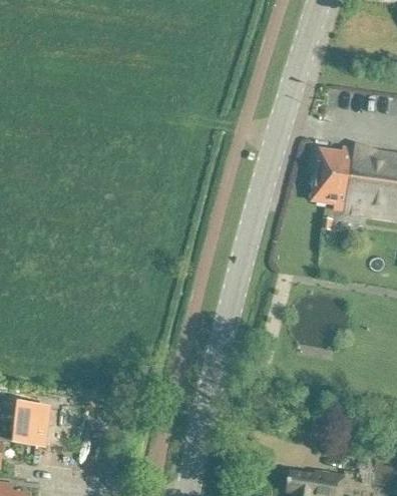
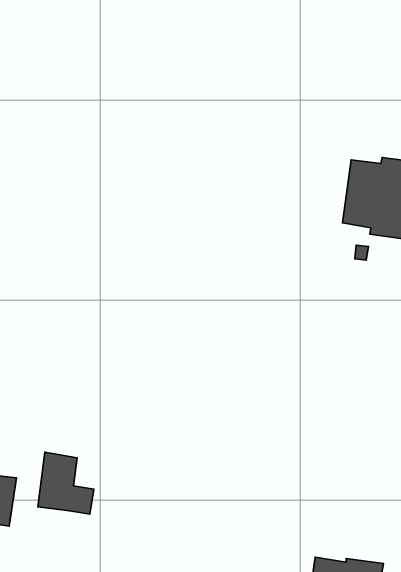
building: none -> [38,452,94,514]

